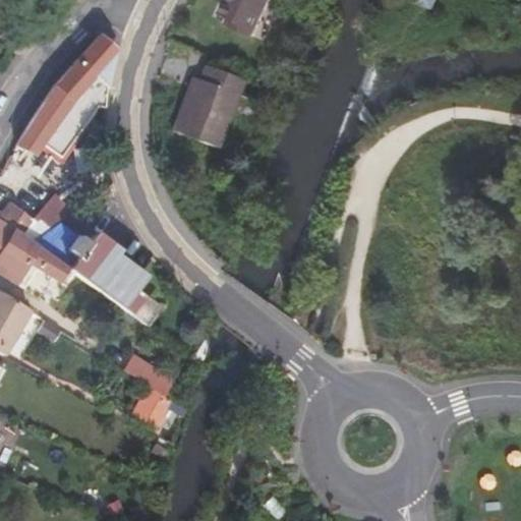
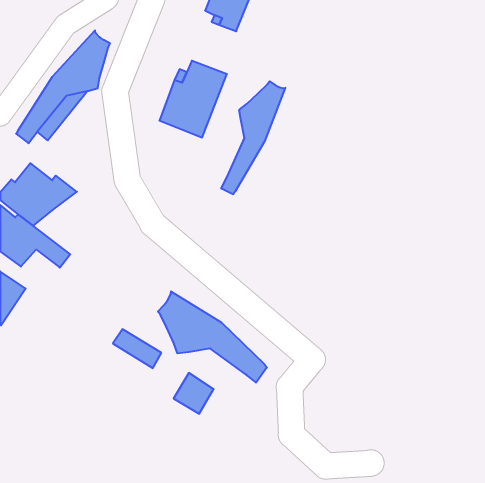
building: none -> [221,81,285,194]
building: [36,224,141,313] -> none
building: none -> [158,291,267,383]
building: [129,386,172,429] -> [174,373,214,414]

